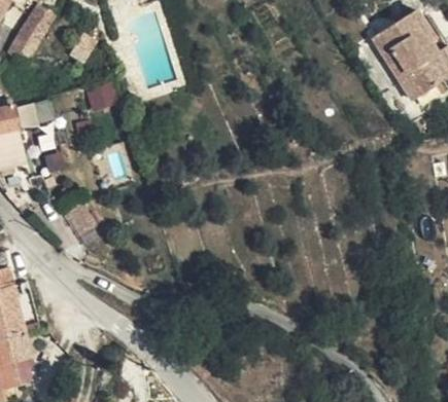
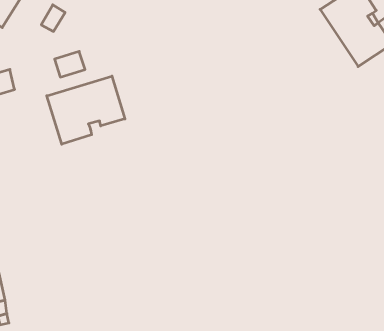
building: none -> [47,76,125,144]

